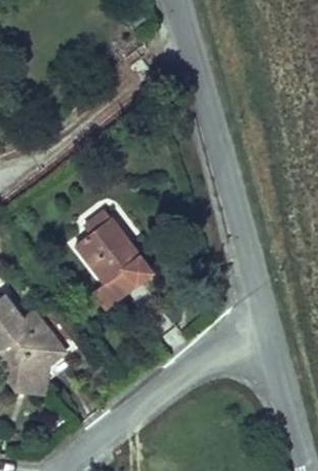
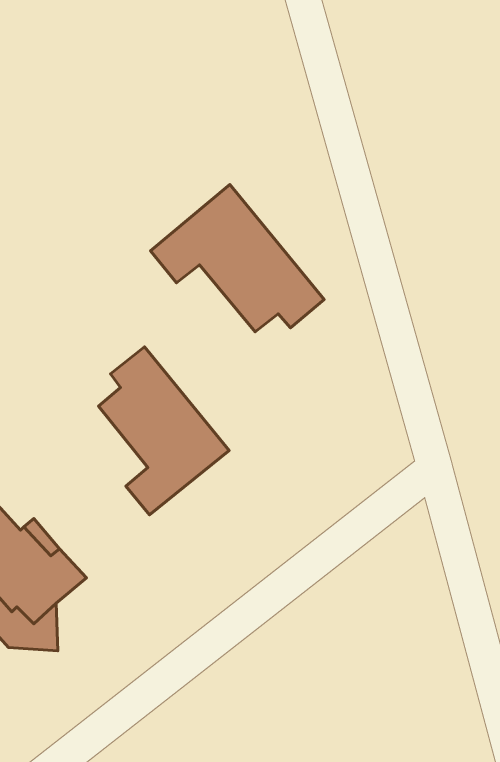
building: none -> [150,185,324,332]

